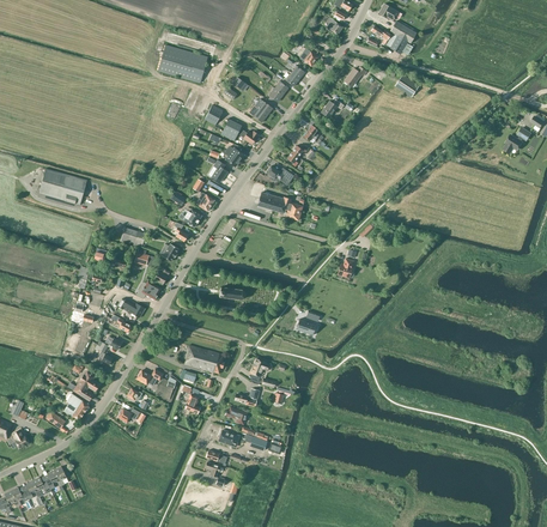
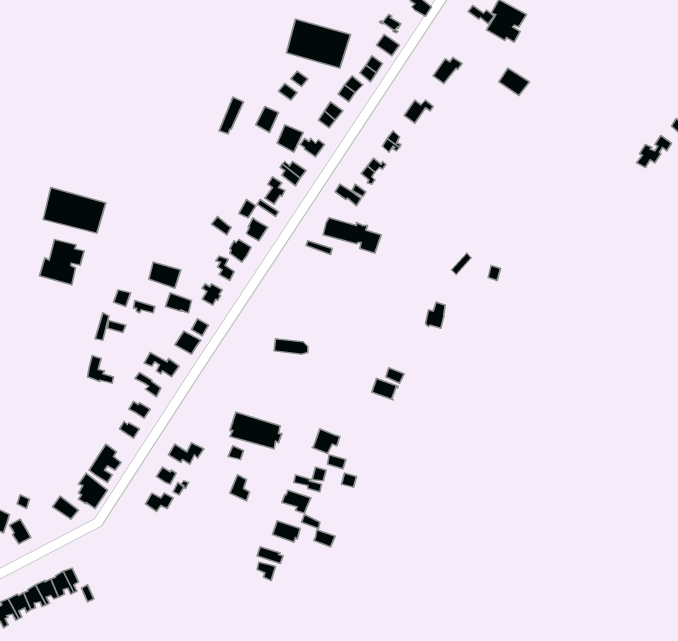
building: [158,44,208,83] -> [286,19,351,68]
building: none -> [40,239,84,285]

